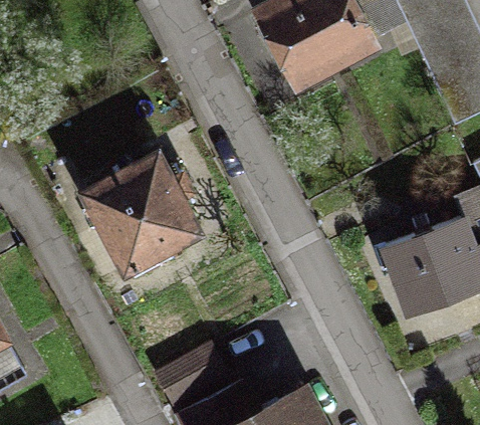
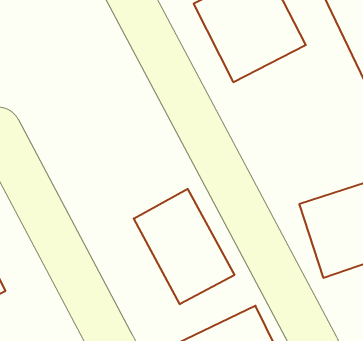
building: [64,142,206,279] -> none
building: none -> [134,189,234,304]

